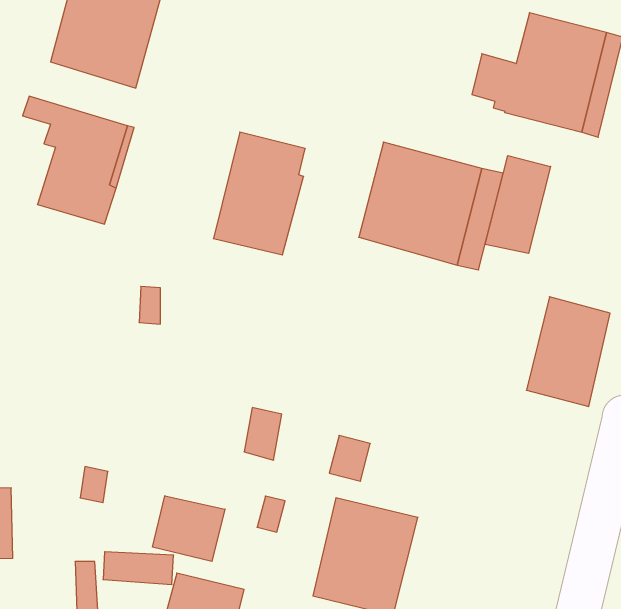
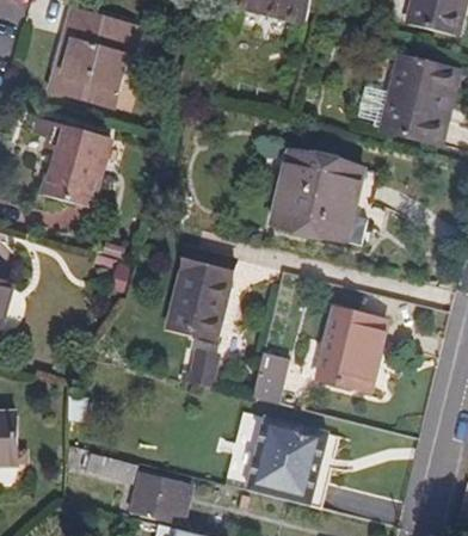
building: [213,132,305,255] -> [164,247,230,337]
building: [485,156,551,253] -> none
building: [526,297,610,407] -> [322,307,383,387]
building: [153,496,225,561] -> none

